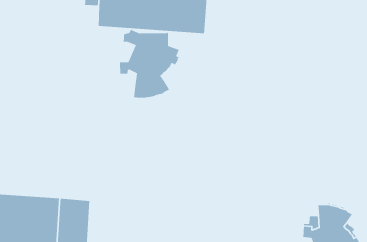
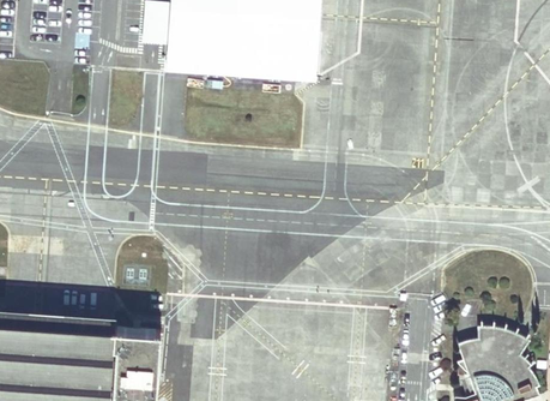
building: [119,29,180,99] -> none

